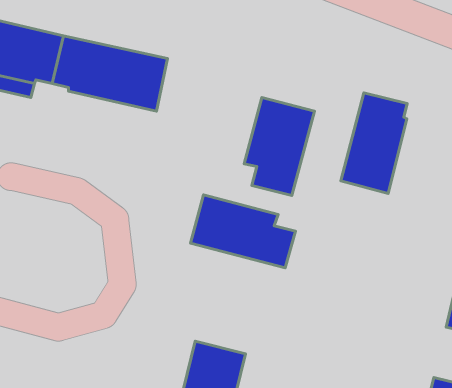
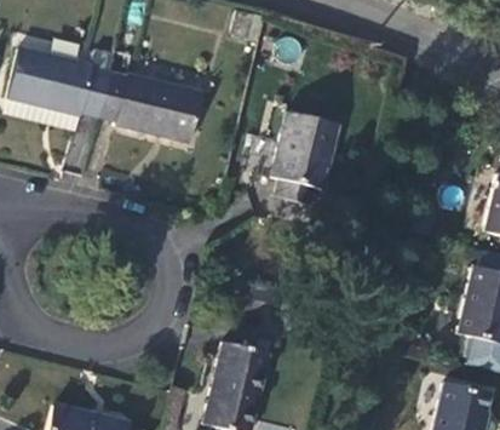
building: [341,93,407,193] -> none
building: [191,195,295,268] -> none

